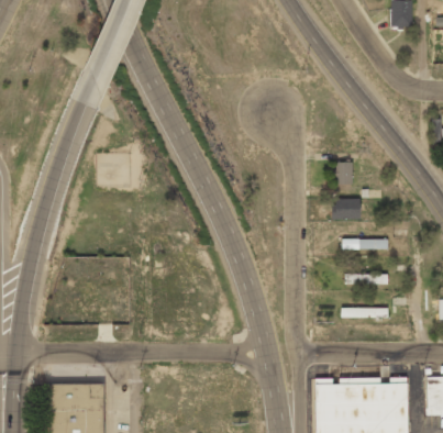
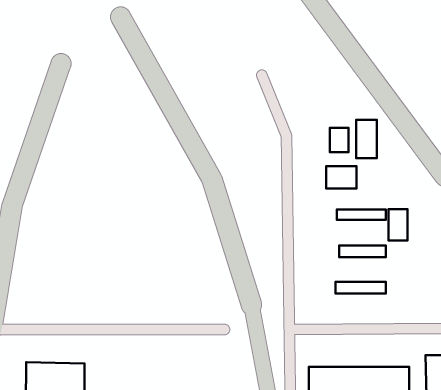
building: none -> [356,120,377,158]
building: none -> [389,209,408,241]

